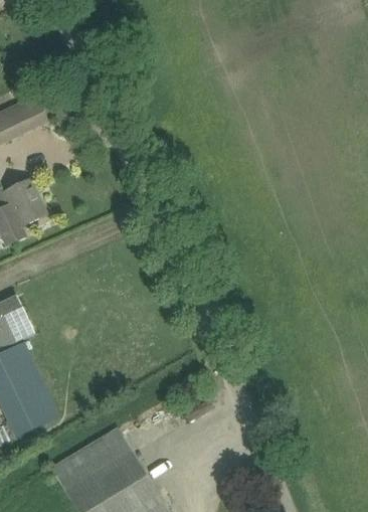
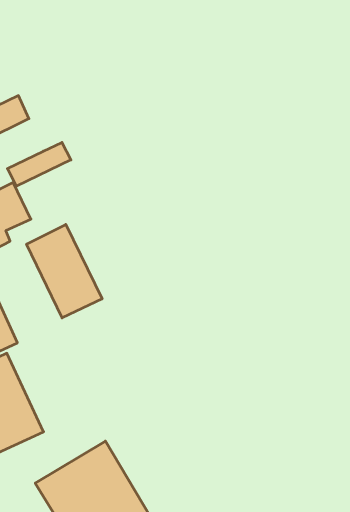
building: none -> [7,142,71,186]
building: none -> [27,224,102,318]

